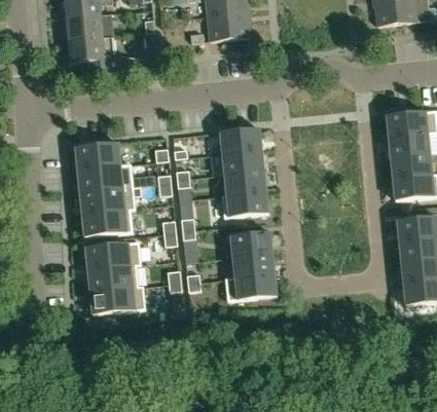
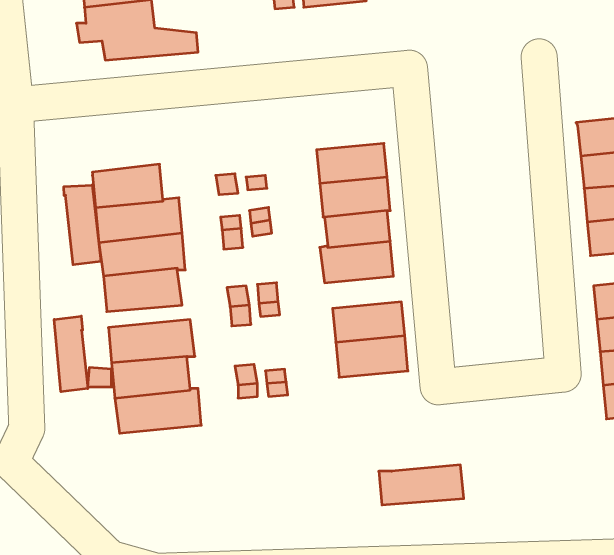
building: none -> [64,185,101,265]
building: none -> [54,316,88,392]
building: [224,273,279,299] -> [379,465,464,505]

